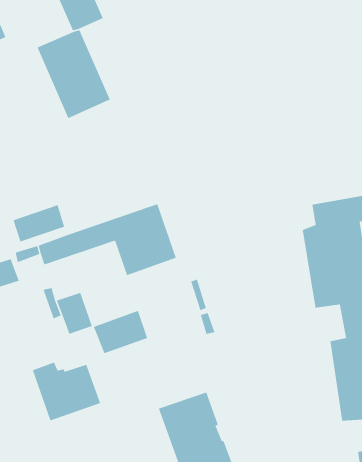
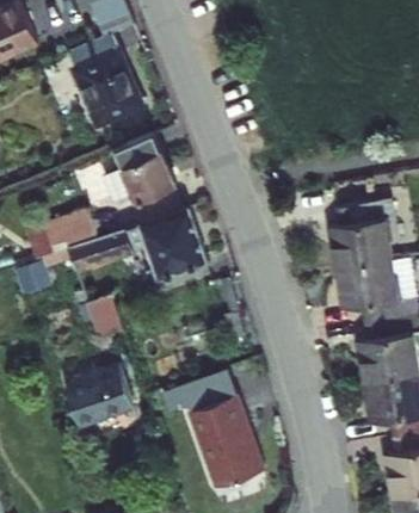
building: none -> [101,134,174,204]
building: [93,310,148,354] -> [181,367,236,412]

